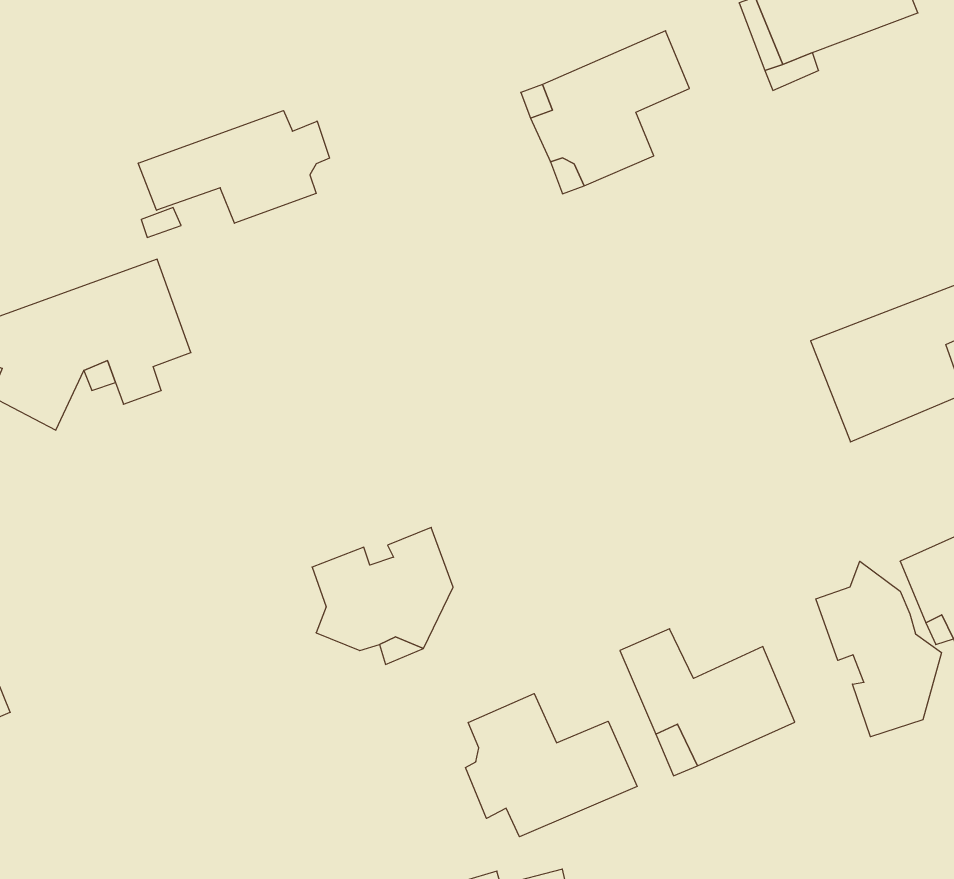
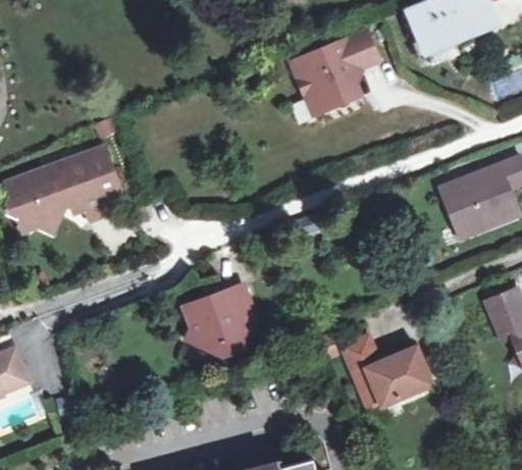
building: [138,111,329,223] -> none
building: [816,561,942,737] -> none
building: [465,694,637,837] -> none

